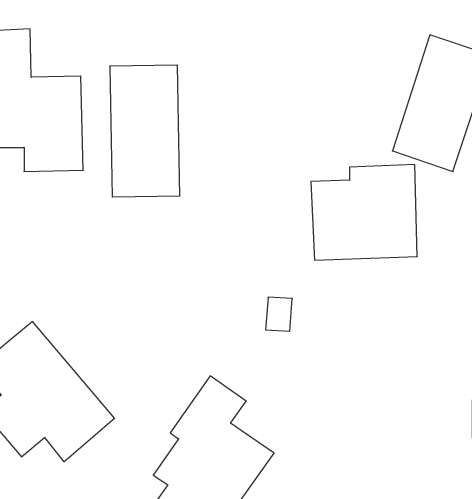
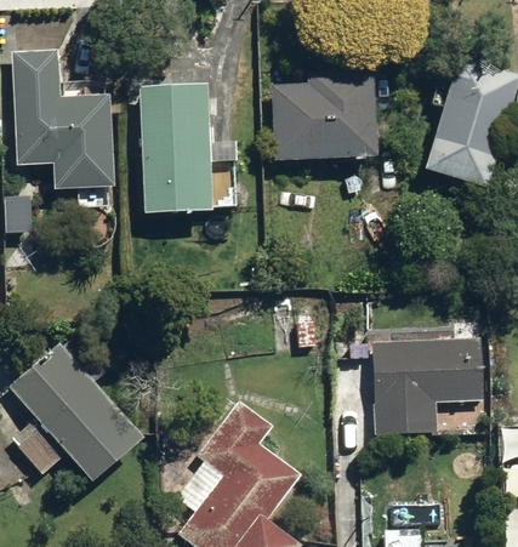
building: [311,165,417,260] -> [268,65,375,161]
building: none -> [372,315,489,435]

